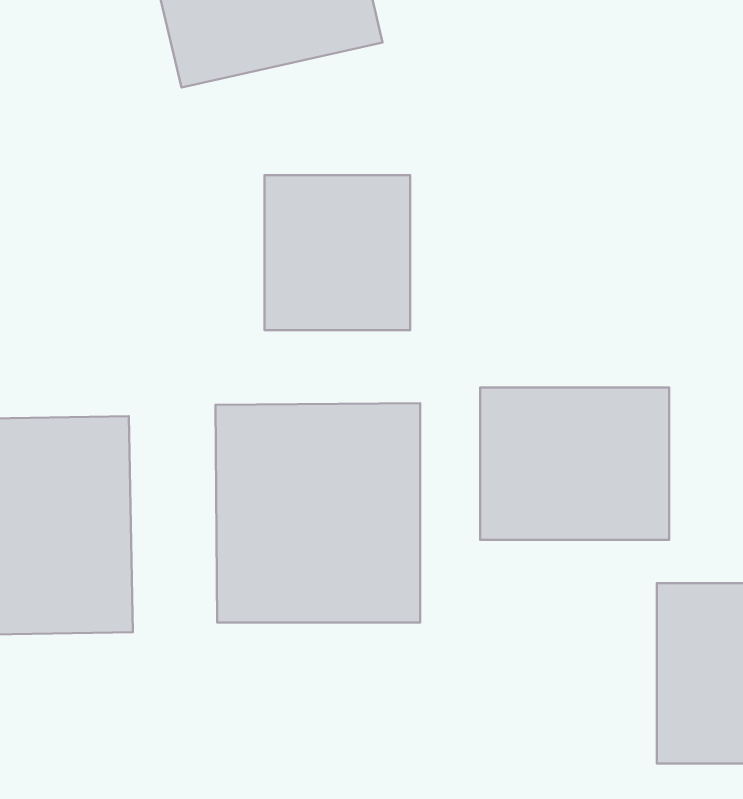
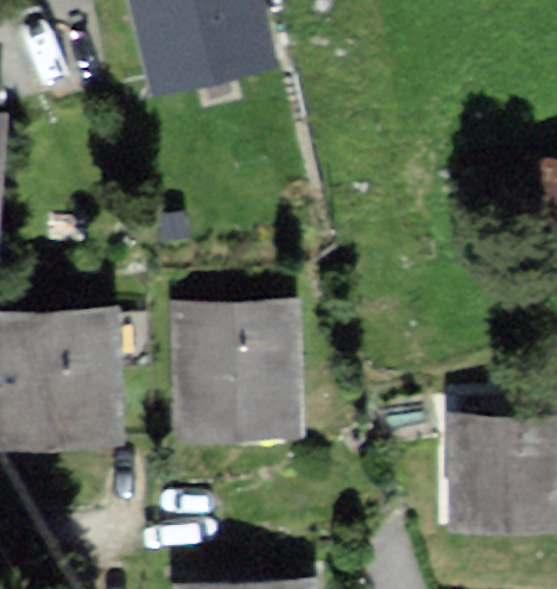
building: [265,175,410,330] -> none
building: [480,387,669,540] -> none

